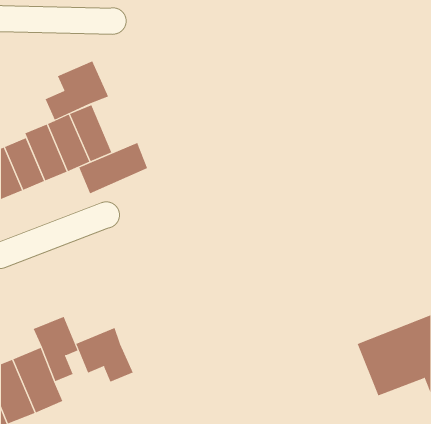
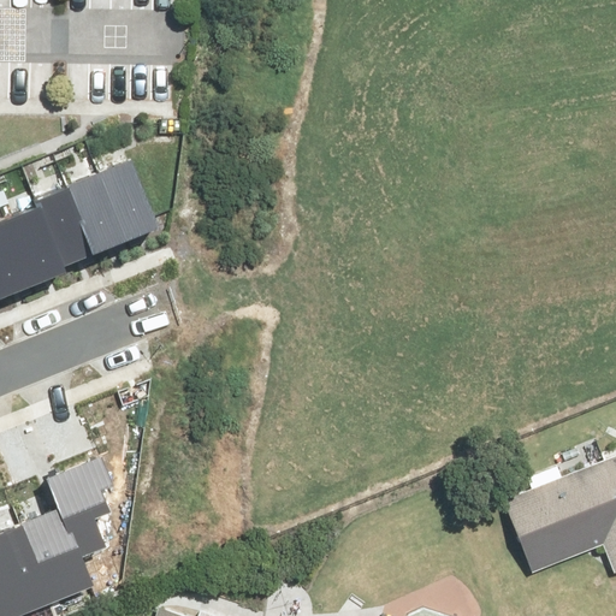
building: [45,60,109,121] -> none
building: [79,142,148,194] -> none
building: [76,327,134,383] -> none

